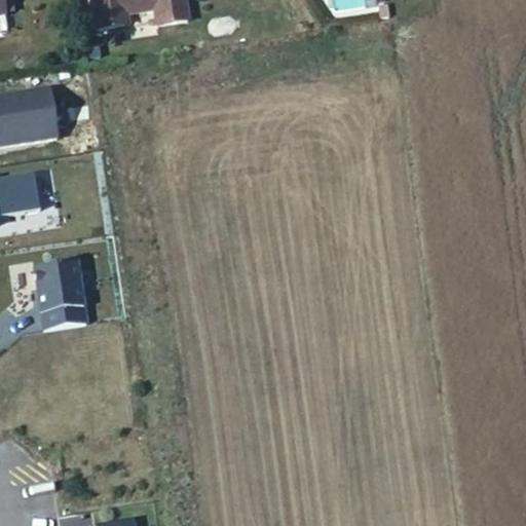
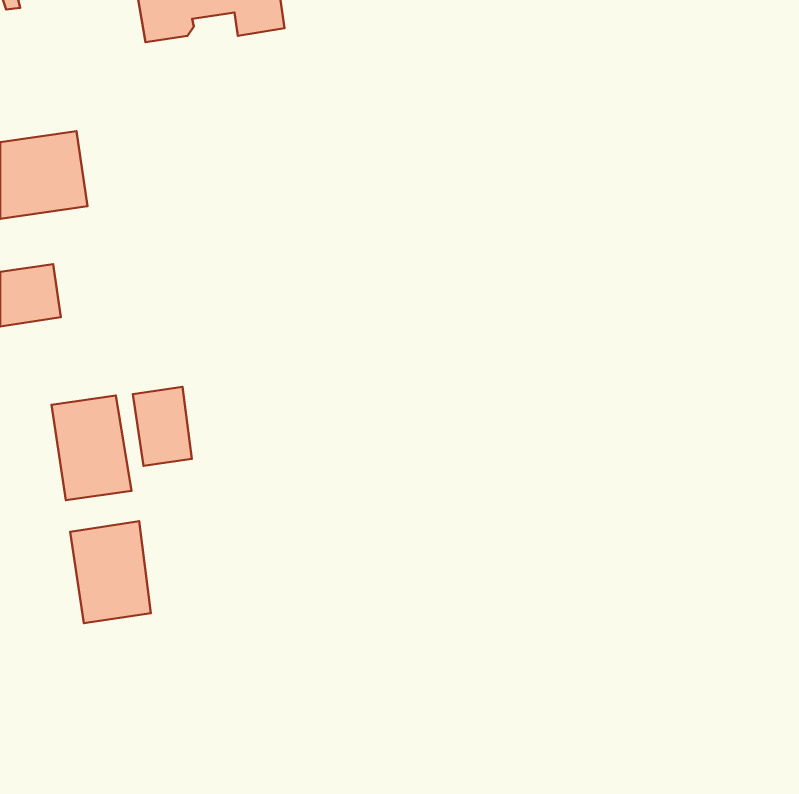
building: none -> [133,387,192,466]
building: none -> [70,521,151,623]

